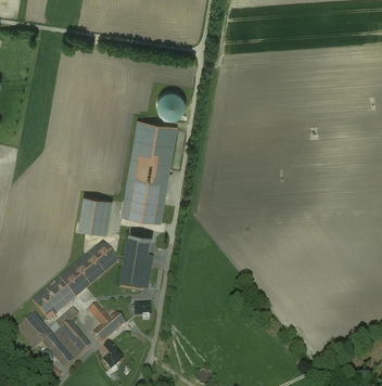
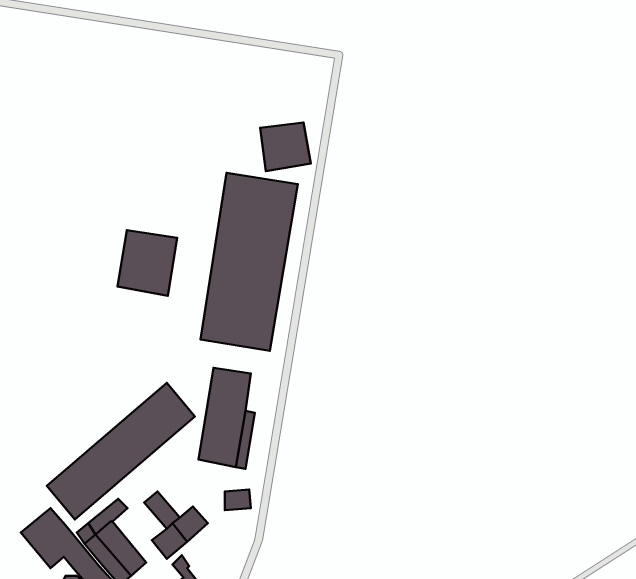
building: [77,196,112,234] -> [117,230,177,296]

